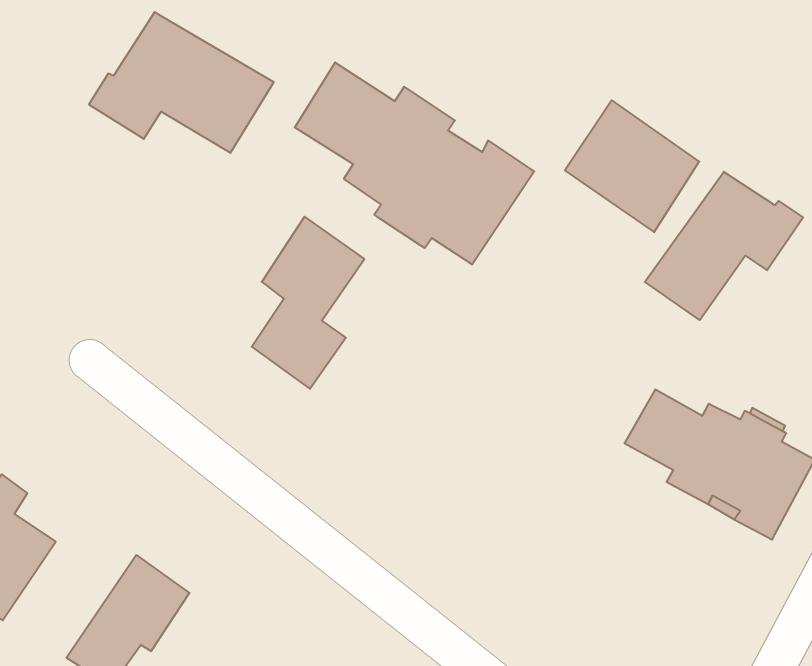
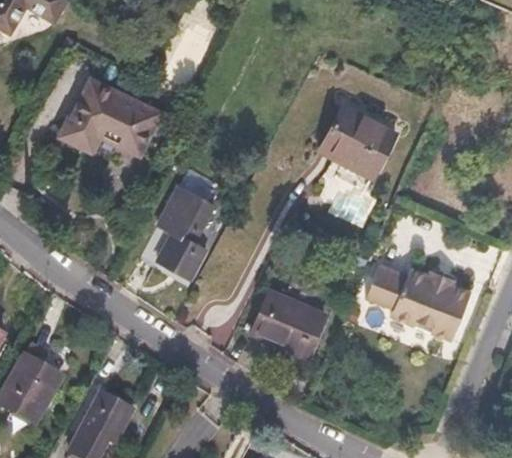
building: [295,62,534,265] -> none
building: [645,172,803,320] -> none
building: none -> [250,292,322,356]

